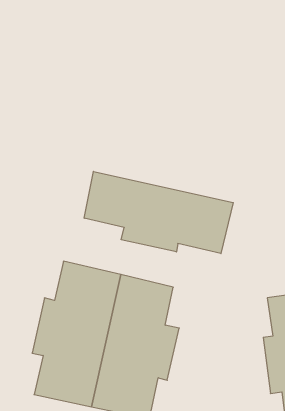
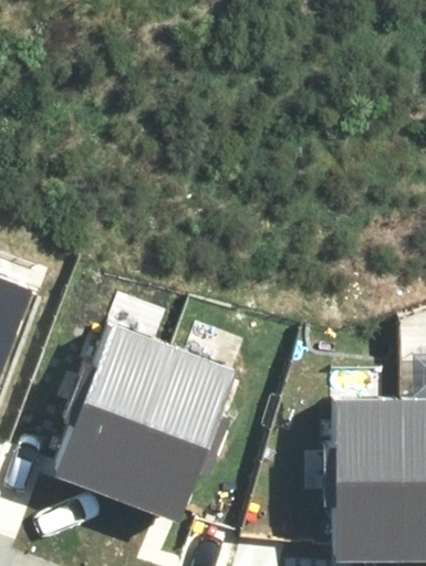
building: [84,171,233,254] -> none

